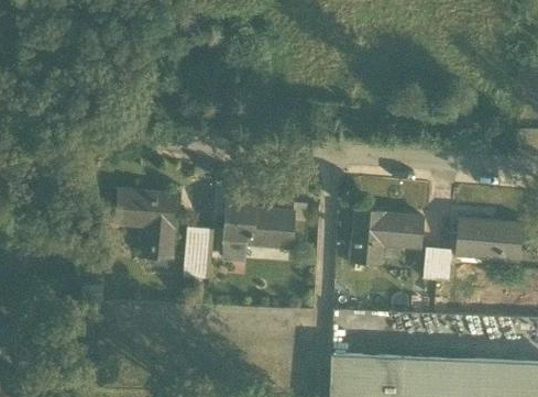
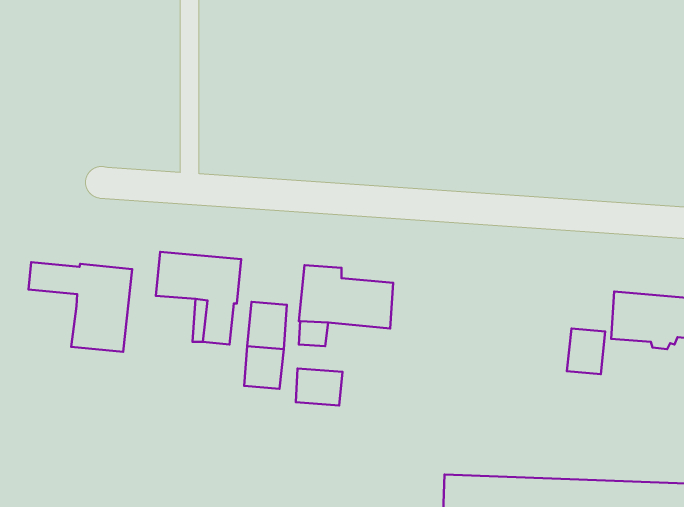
building: none -> [29,262,132,352]
building: [354,209,426,262] -> none
building: none -> [296,368,343,405]

